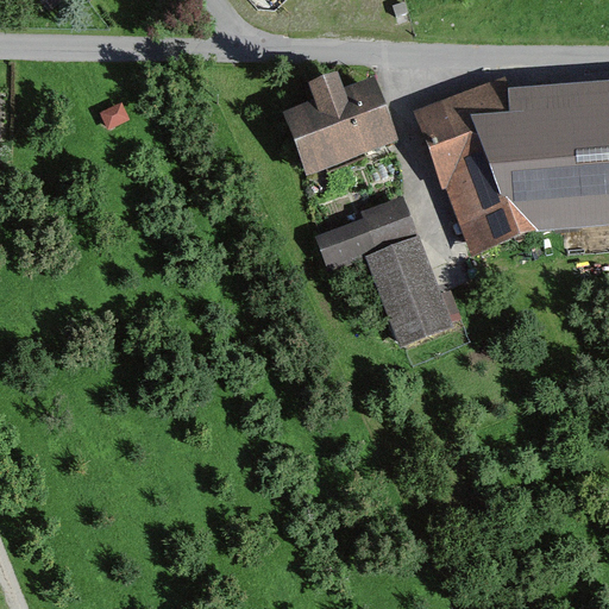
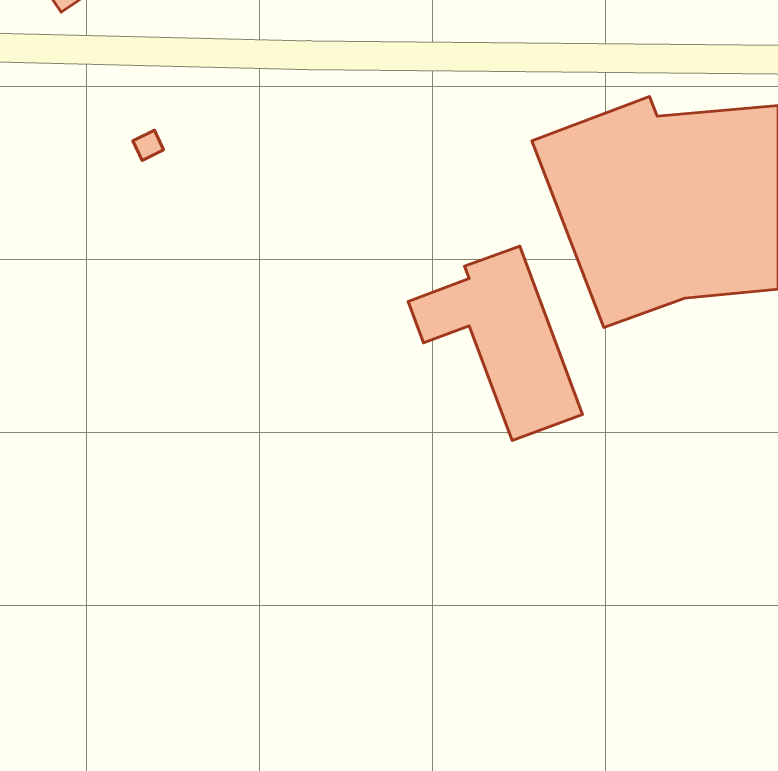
building: [284,71,396,175] -> none

